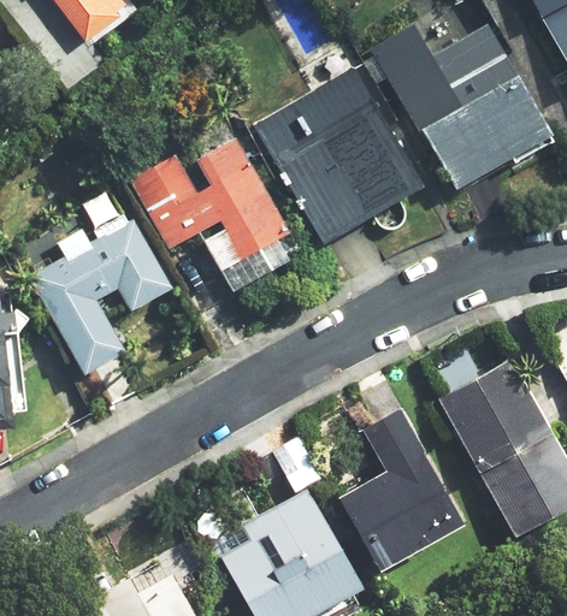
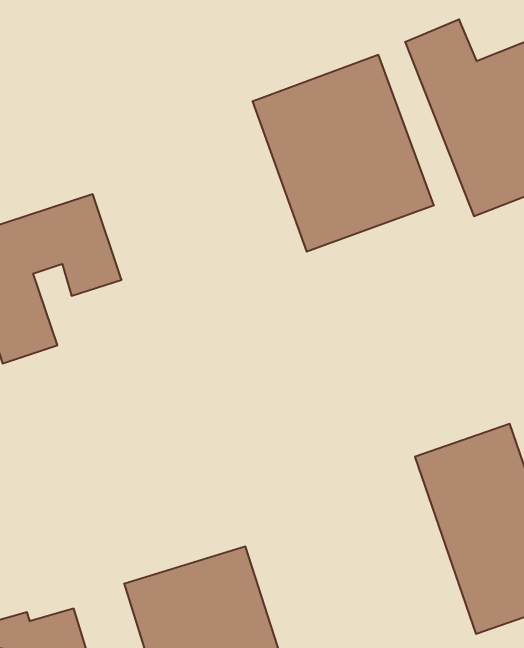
building: [134,136,290,292] -> none
building: [337,421,457,567] -> none

